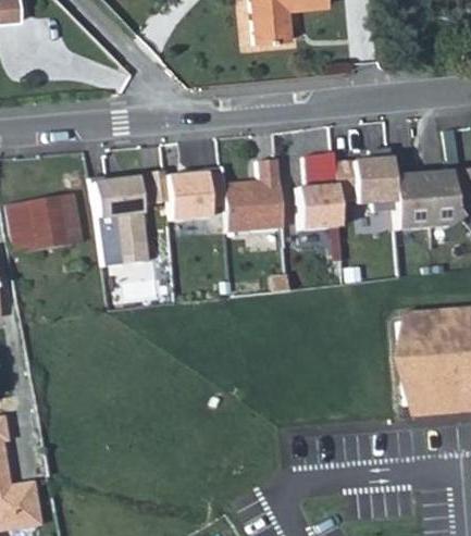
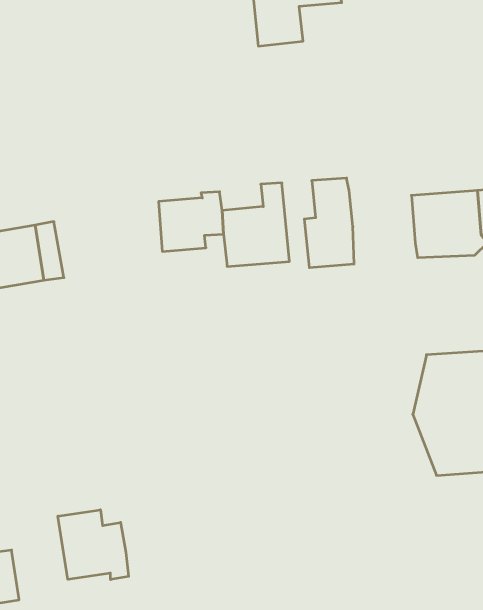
building: [334,152,392,214] -> none
building: [90,173,151,263] -> none
building: none -> [58,510,129,580]

